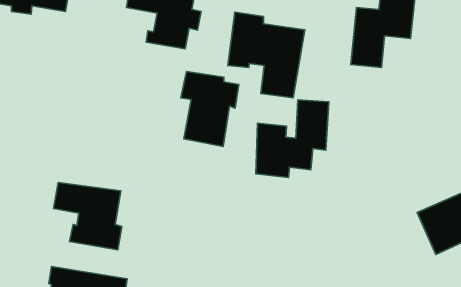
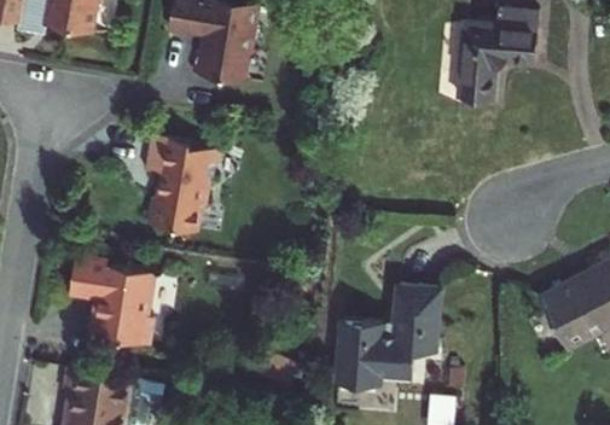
building: [228,12,305,98] -> none
building: [181,72,239,146] -> [146,136,221,233]
building: [256,100,329,177] -> [337,281,431,382]

